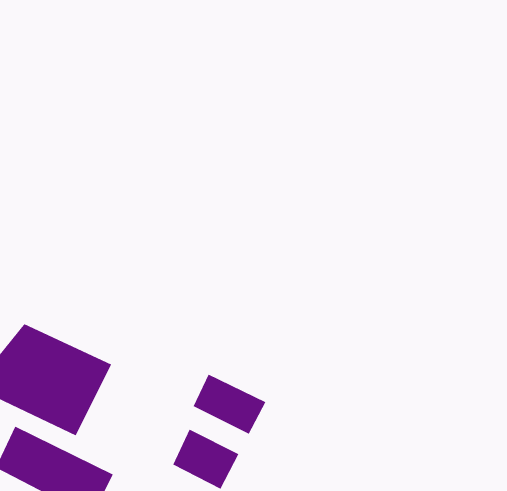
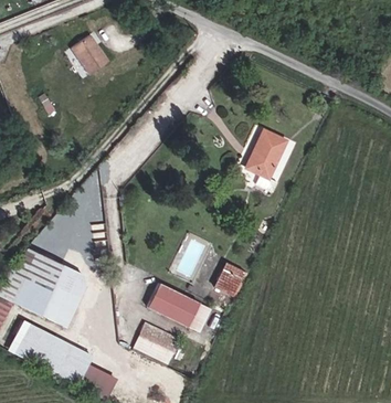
building: none -> [71,35,106,73]
building: none -> [244,129,286,191]
building: none -> [214,262,247,297]

